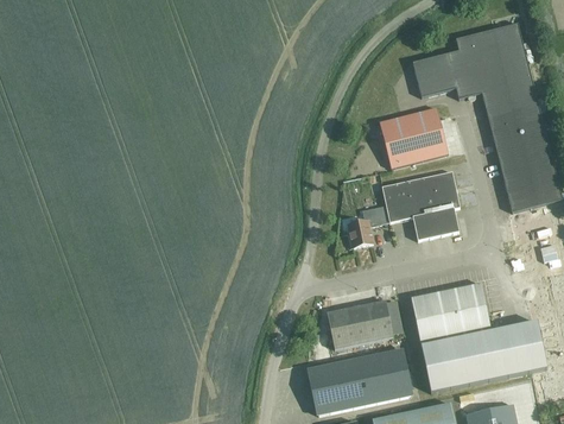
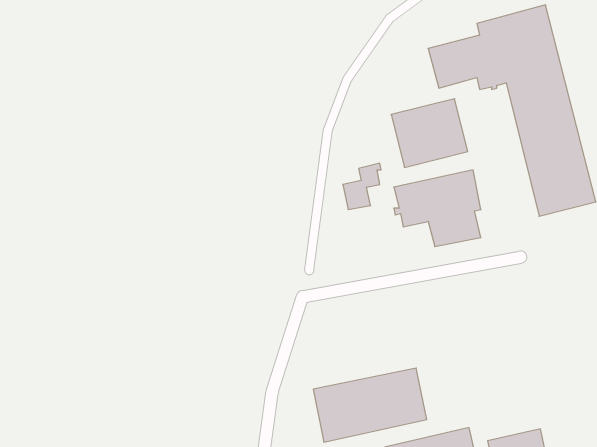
building: [348,204,382,246] -> [343,163,381,209]
building: [411,281,547,391] -> none
building: [327,299,393,348] -> none

